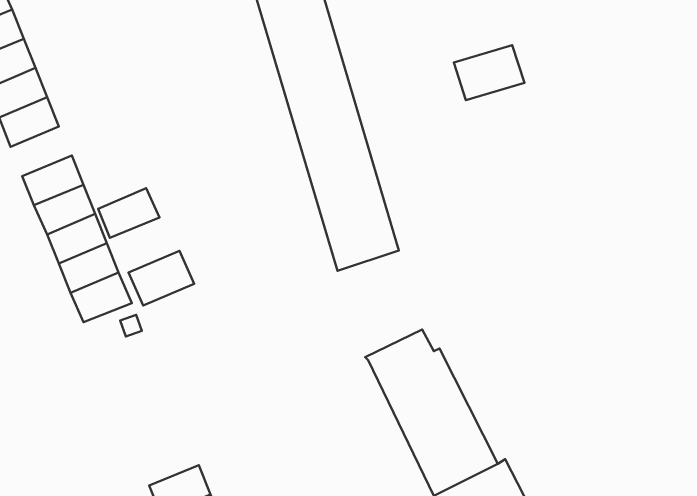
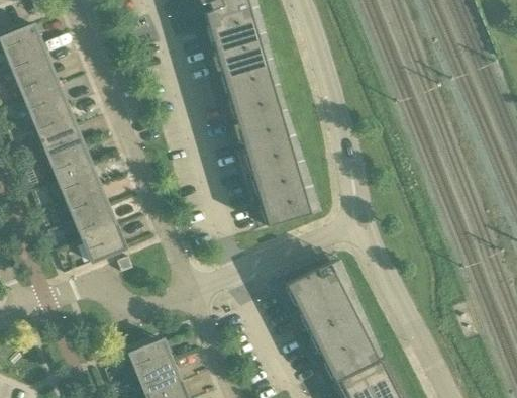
building: [454,45,524,100] -> none
building: [98,188,159,238] -> [40,125,83,160]
building: [128,251,194,306] -> none
building: none -> [128,338,171,374]

